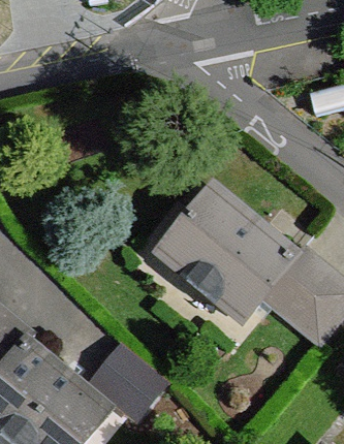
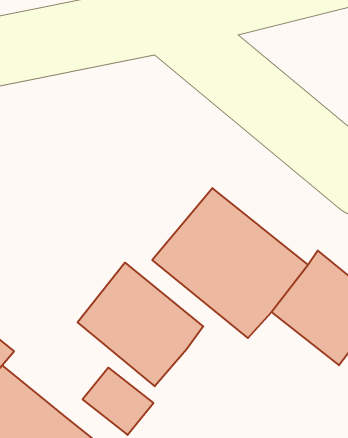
building: none -> [78,263,203,386]

